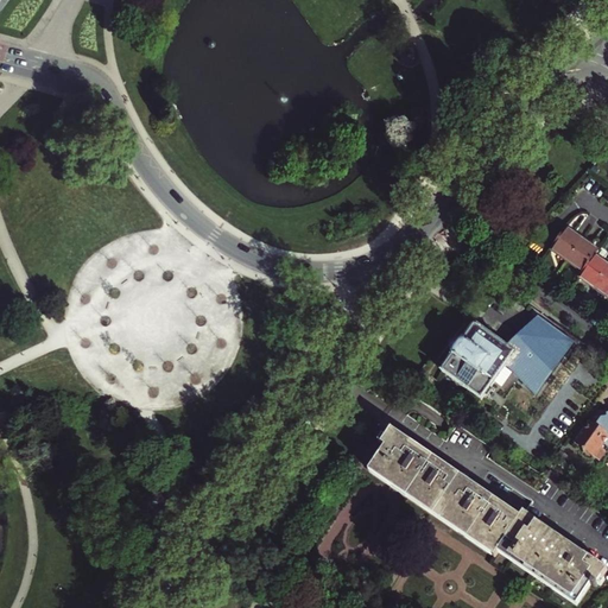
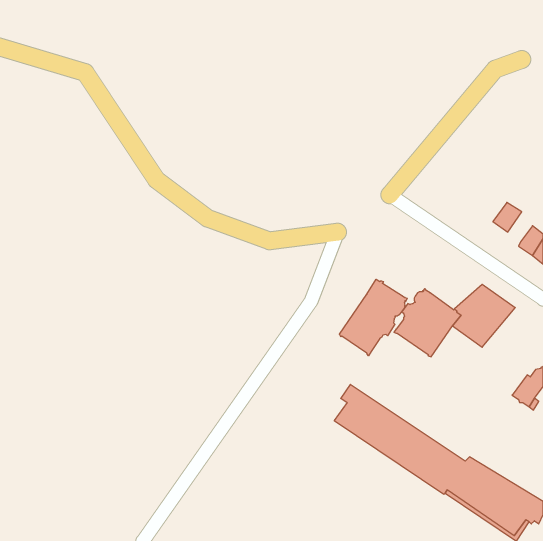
building: [566,236,597,270] -> none
building: none -> [339,279,407,356]

